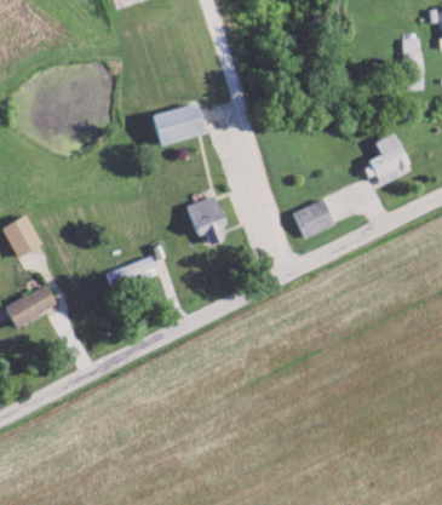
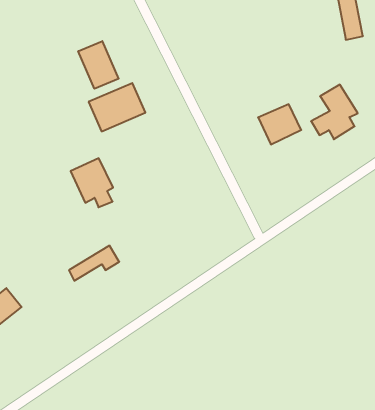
building: none -> [78,41,119,89]
building: [185,196,224,243] -> [71,158,113,207]
building: [294,201,334,237] -> [258,104,301,144]

